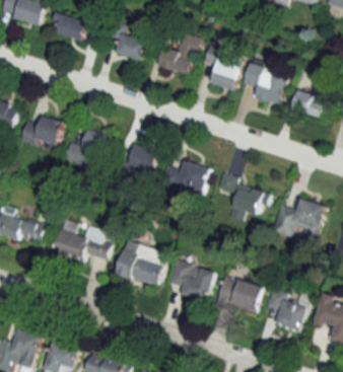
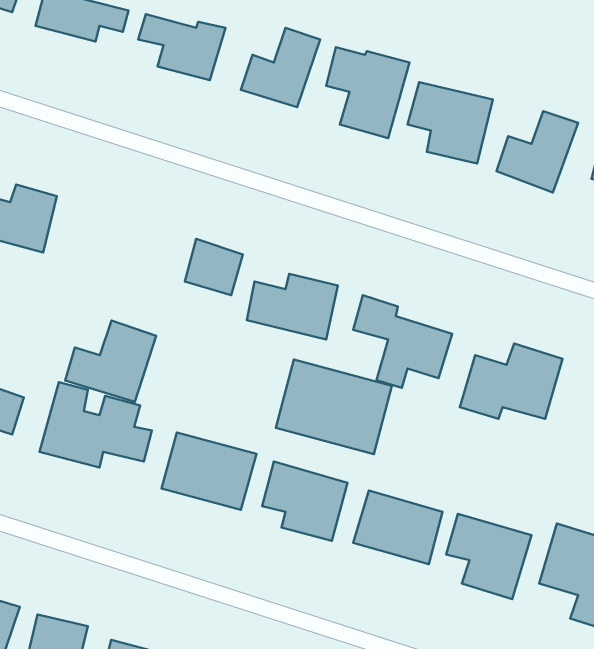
building: [63,128,111,170] -> [65,320,156,402]
building: none -> [276,360,392,454]

